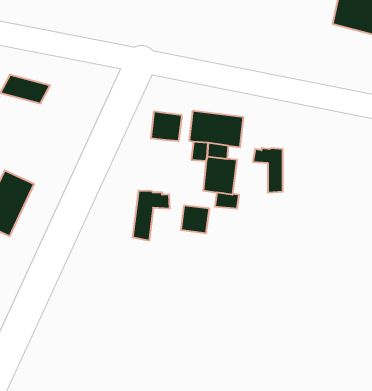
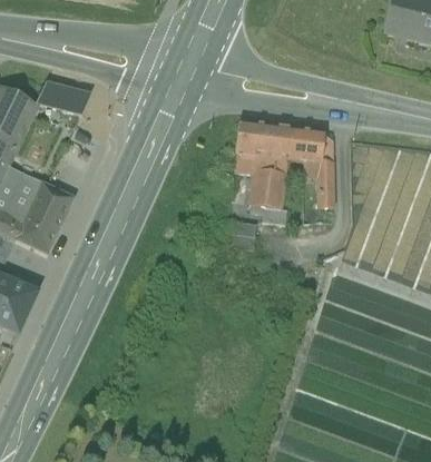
building: [151,111,182,141] -> none
building: none -> [287,127,323,161]
building: [133,190,170,241] -> none

